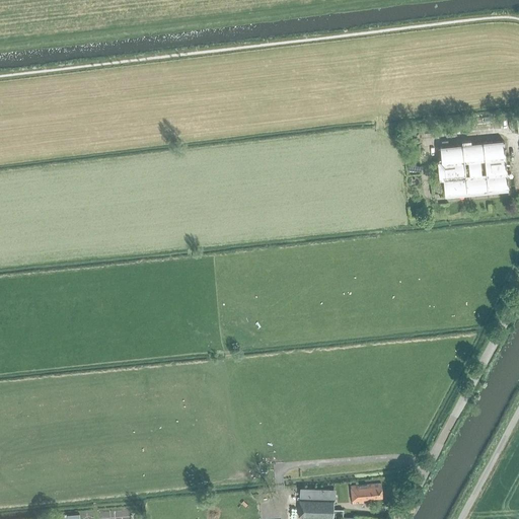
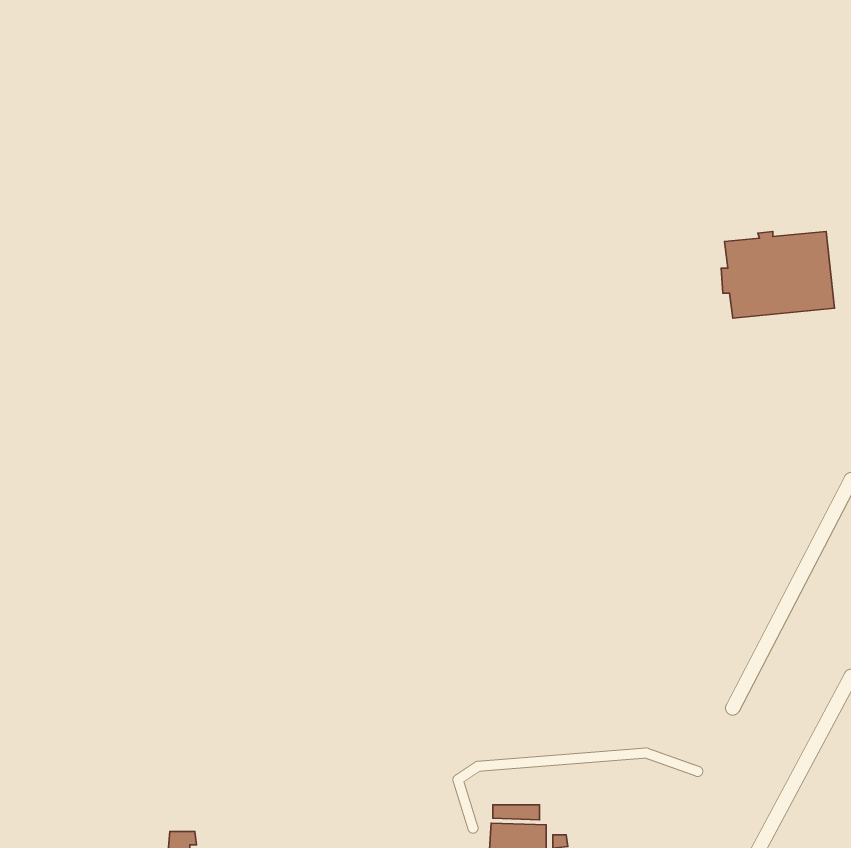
building: [351,486,381,506] -> none

